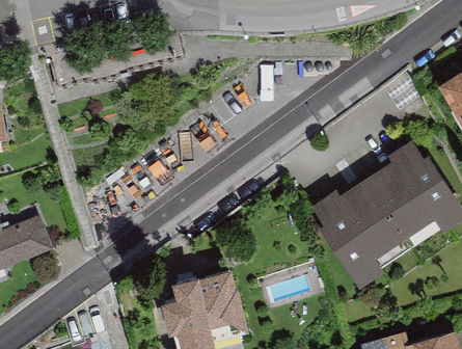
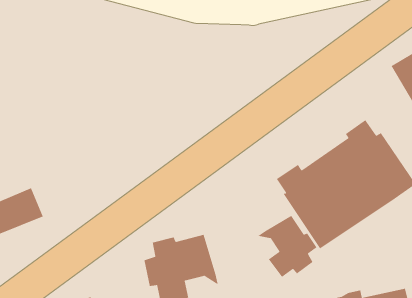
building: none -> [257,215,318,278]

